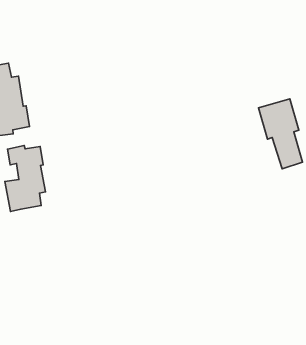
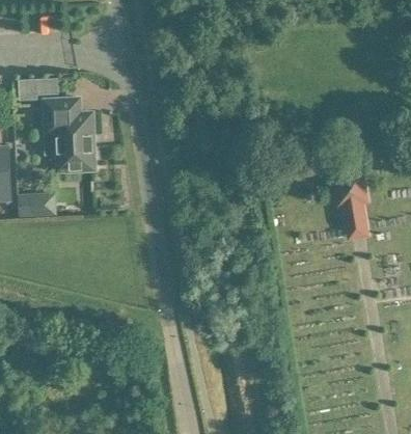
building: [5,145,45,211] -> none

